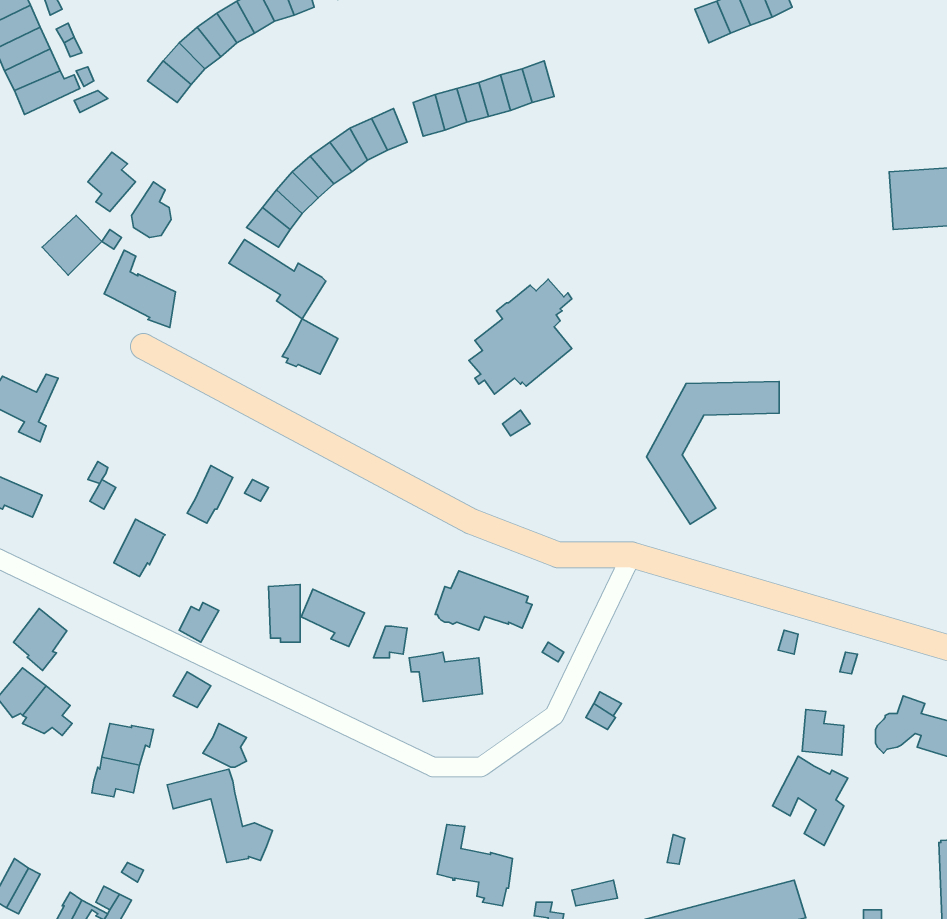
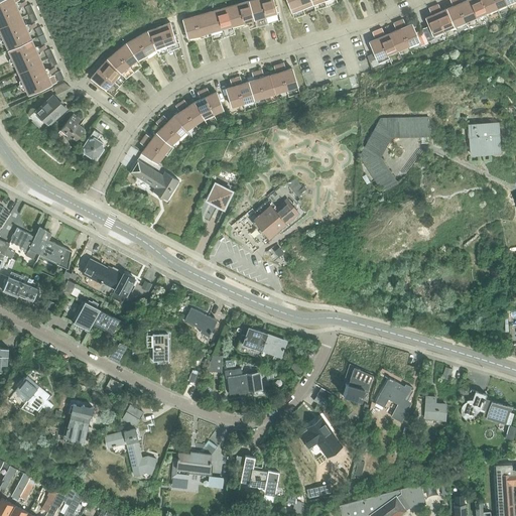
building: [42,216,102,275] -> [35,96,66,126]
building: [104,250,176,327] -> [35,230,72,269]
building: [282,319,338,374] -> [206,178,234,207]
building: [646,381,779,524] -> [361,119,428,191]
building: none -> [82,260,123,291]
building: none -> [92,310,119,336]
building: [301,589,365,647] -> [184,308,217,338]
building: [13,609,67,670] -> none
building: none -> [342,368,373,402]
building: none -> [300,419,339,454]
building: [772,756,848,846] -> [375,378,413,423]
building: none -> [170,441,217,480]

